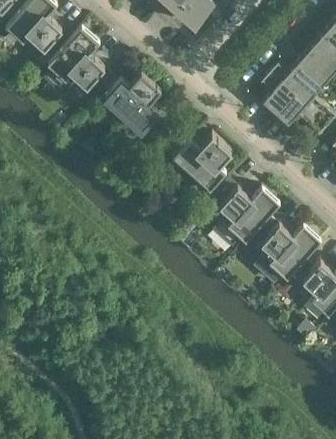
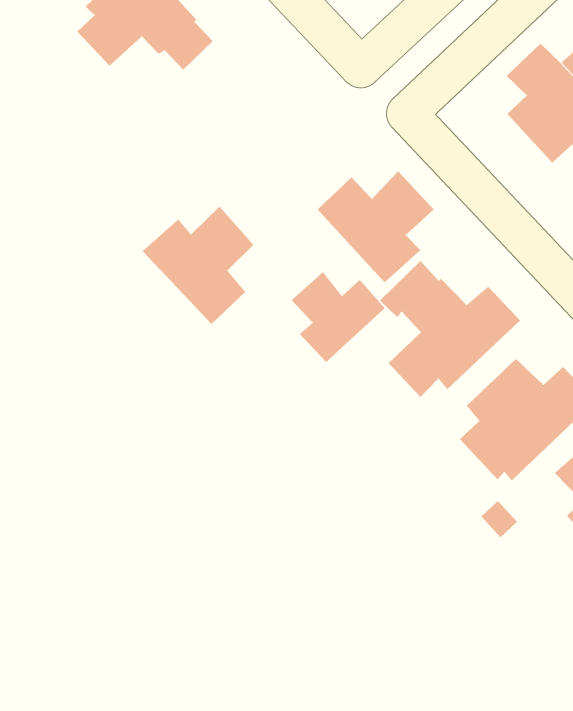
building: [104,71,160,131] -> [142,206,254,325]
building: none -> [291,271,386,363]

